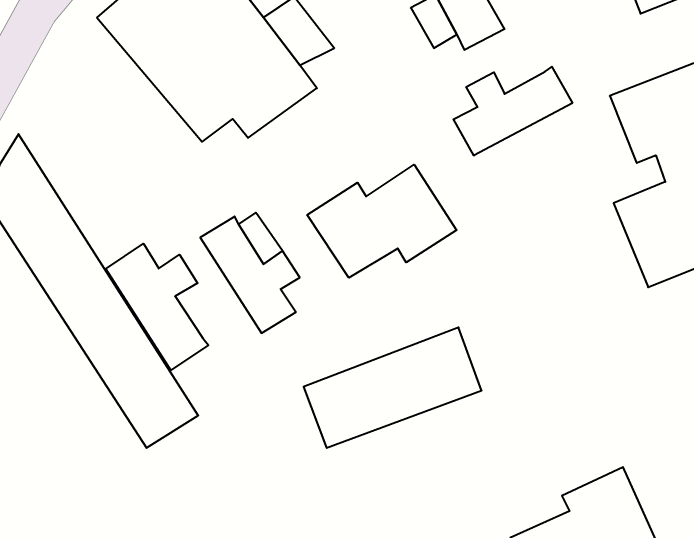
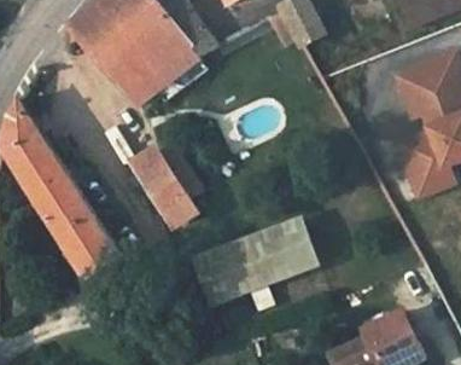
building: [453,67,572,156] -> none
building: [307,165,457,278] -> none
building: [106,244,208,370] -> none

